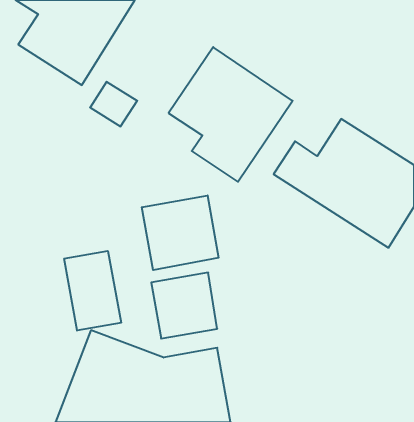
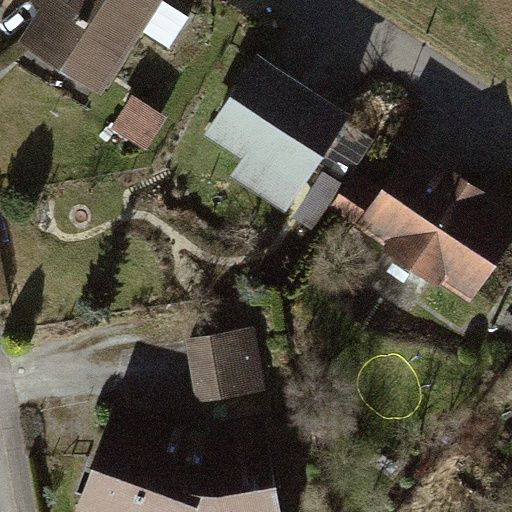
building: [142,195,219,270] -> none
building: [64,251,121,331] -> none

